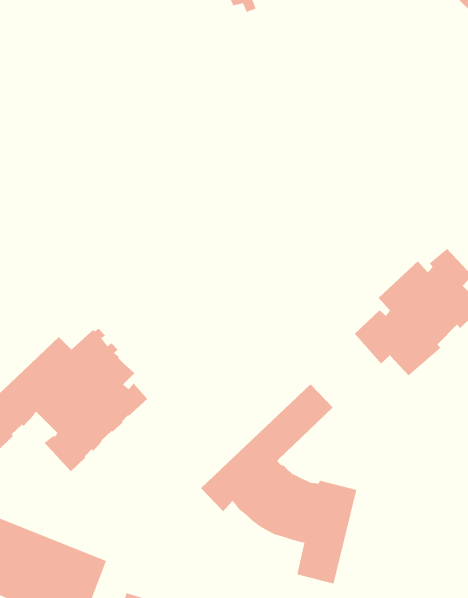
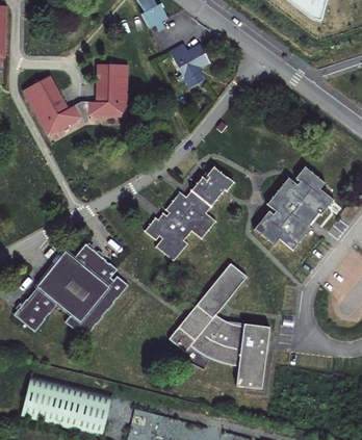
building: none -> [172,44,211,87]
building: none -> [21,62,126,136]
building: none -> [144,165,235,262]

